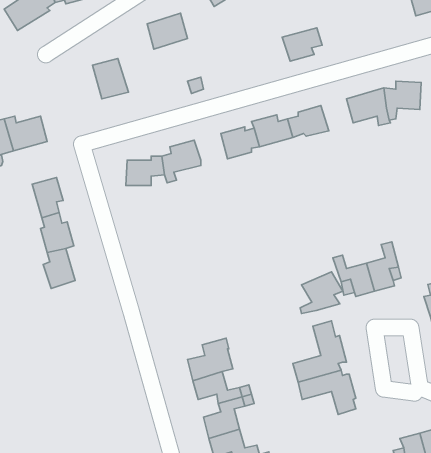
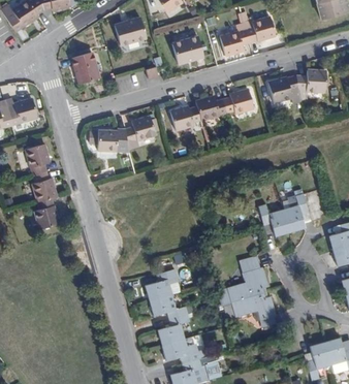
building: none -> [246,17,276,42]
building: none -> [171,36,203,63]
building: [300,272,343,314] -> none

